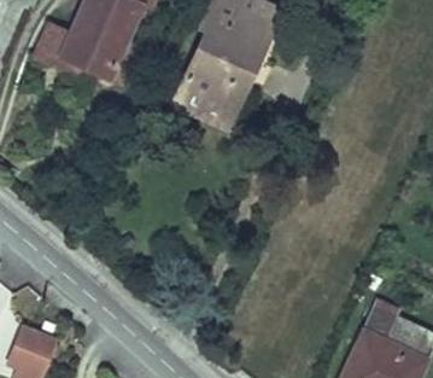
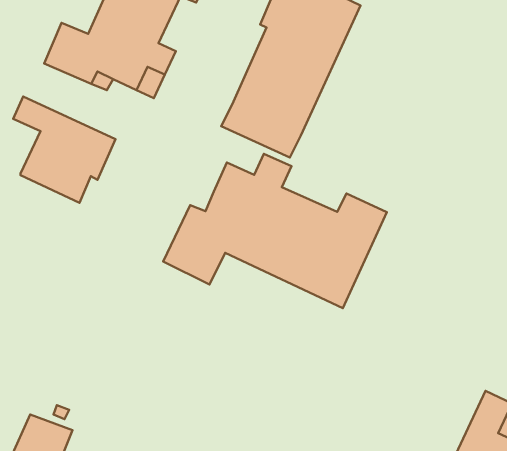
building: none -> [13,97,116,203]
building: none -> [163,154,387,308]

